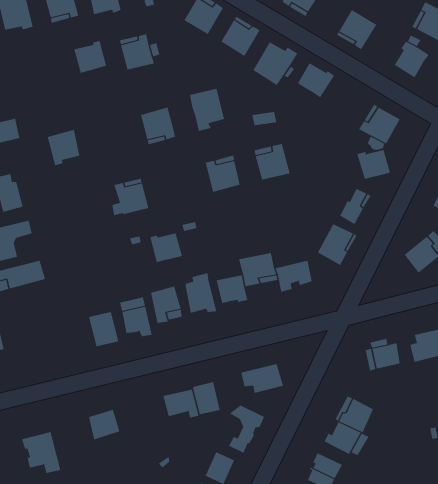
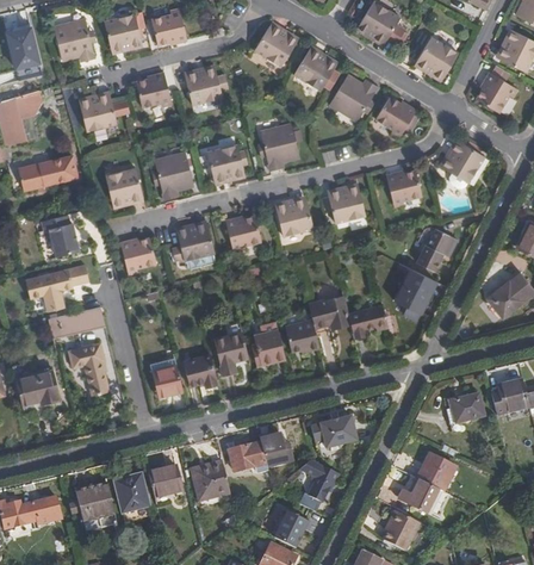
building: none -> [77,94,116,130]
building: none -> [153,150,193,197]
building: [356,149,391,179] -> [385,168,422,200]
building: none -> [122,236,159,268]
building: [149,233,183,263] -> [225,213,261,246]
building: none -> [73,343,107,395]
building: none -> [192,464,230,502]
building: none -> [116,477,150,515]

